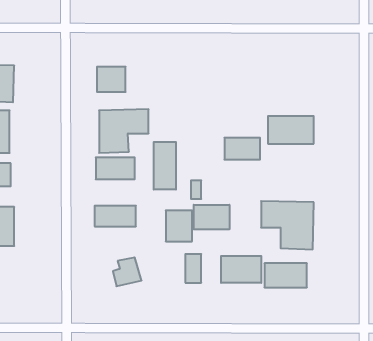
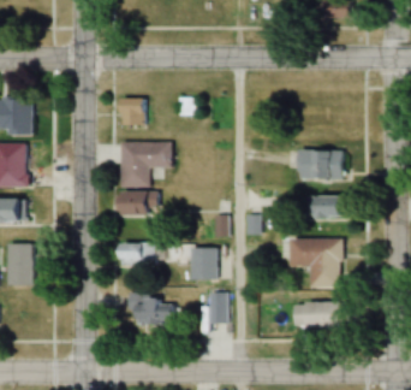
building: [224,138,260,160] -> [309,195,346,218]
building: [154,142,176,190] -> none
building: [194,205,229,229] -> none
building: [221,256,261,283] -> none

